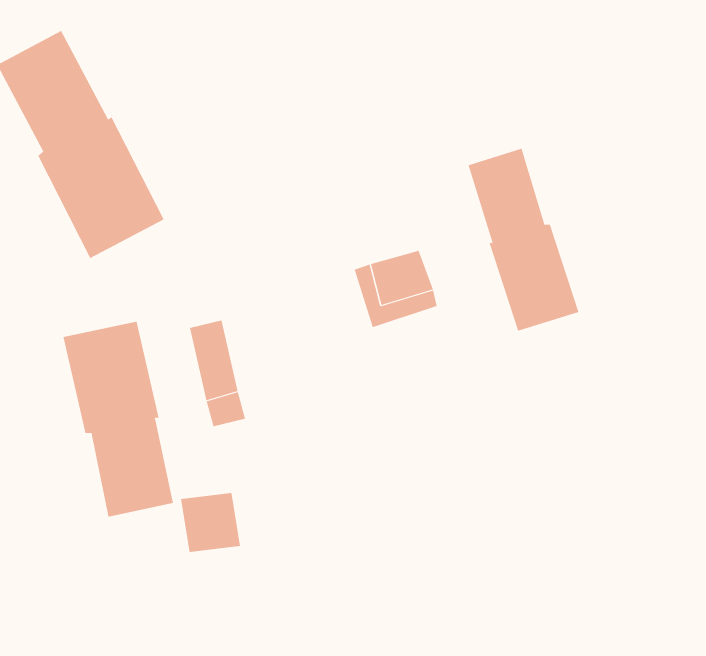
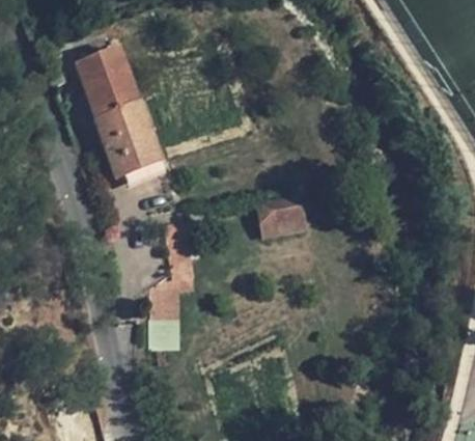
building: [468,148,579,331] -> none
building: [63,321,173,517] -> none

